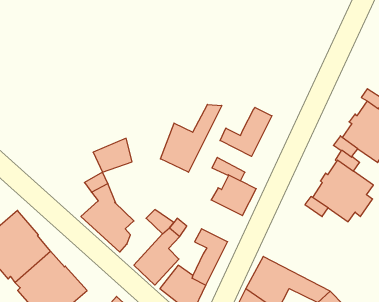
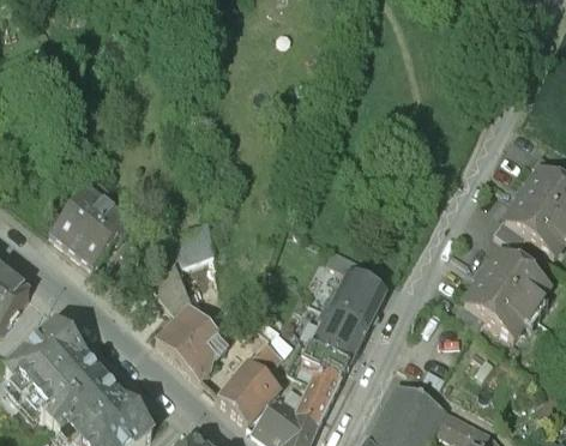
building: [160,104,222,172] -> none
building: none -> [50,176,131,266]
building: [220,107,272,156] -> none
building: none -> [312,305,368,363]

